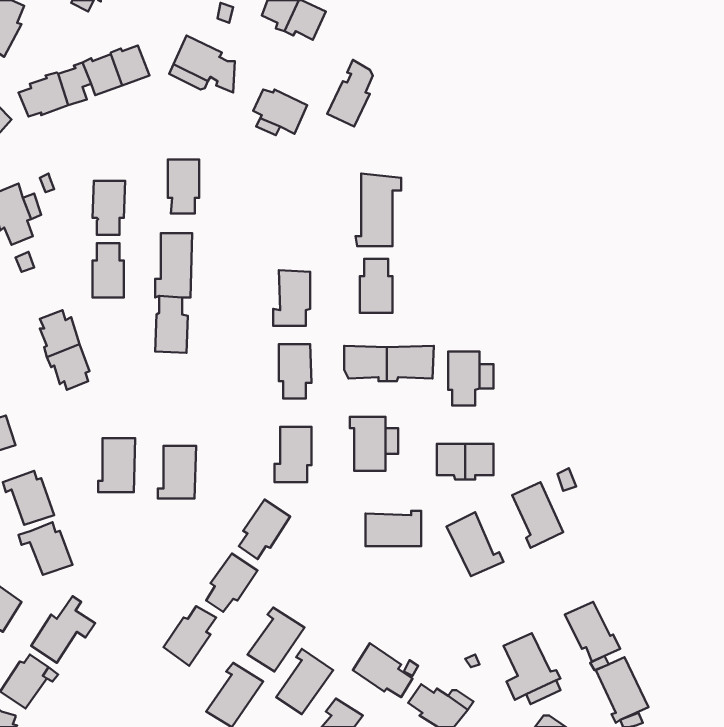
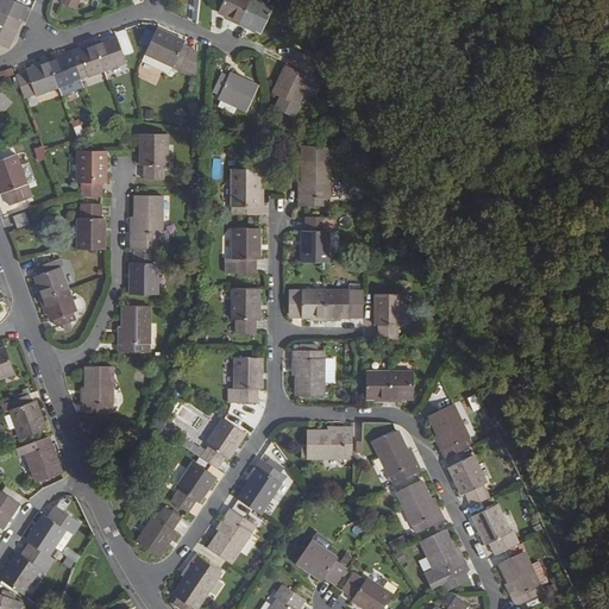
building: none -> [231,168,262,214]
building: [158,446,196,498] -> [117,307,149,351]
building: none -> [448,454,489,504]
building: none -> [397,479,445,532]
building: [276,649,333,714] -> [237,457,284,511]

